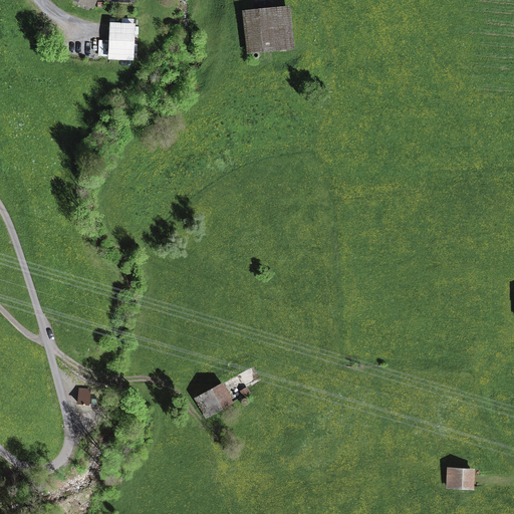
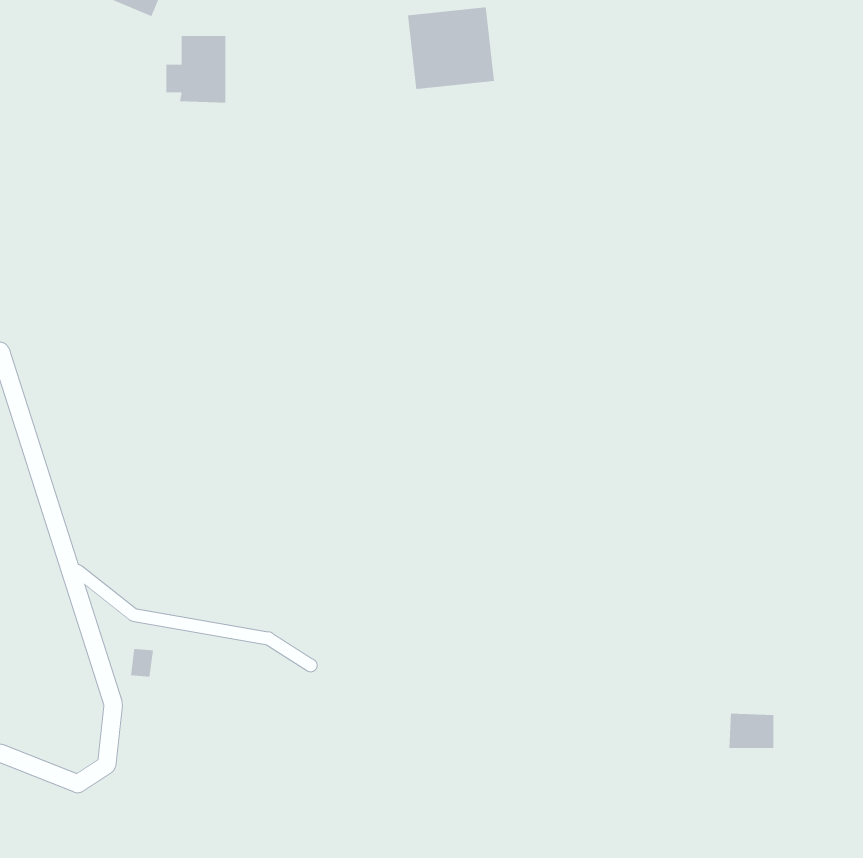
building: [195,380,233,416] -> none
building: [447,466,474,487] -> [729,713,774,748]

